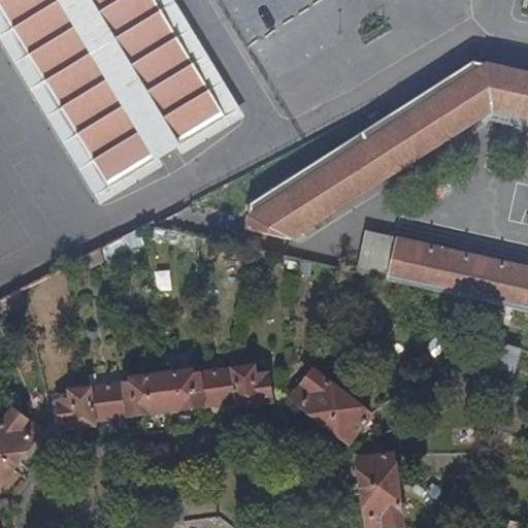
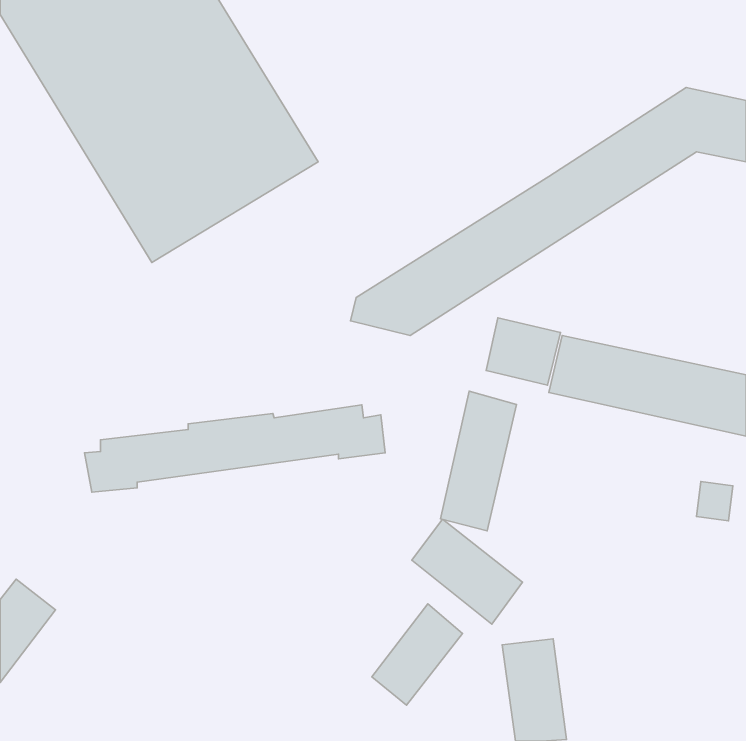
building: none -> [441,391,516,531]
building: [57,364,269,426] -> [85,405,385,492]
building: none -> [372,604,463,705]

